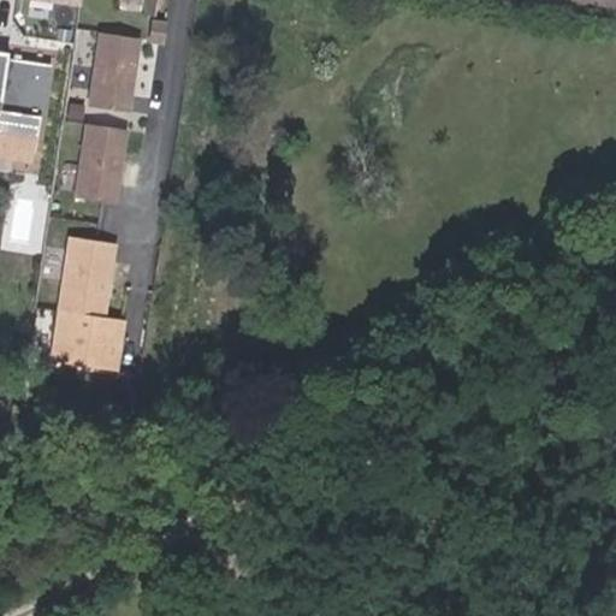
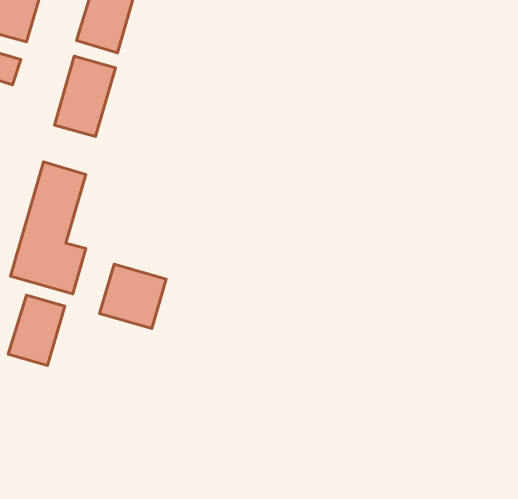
building: none -> [100,264,166,328]
building: none -> [8,295,65,365]

